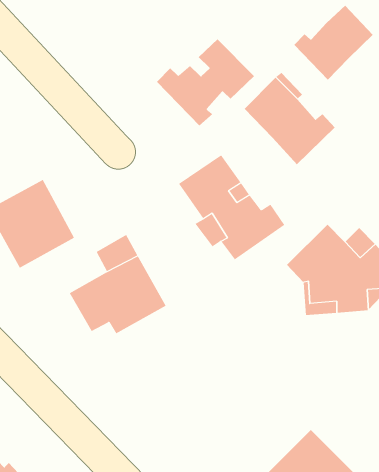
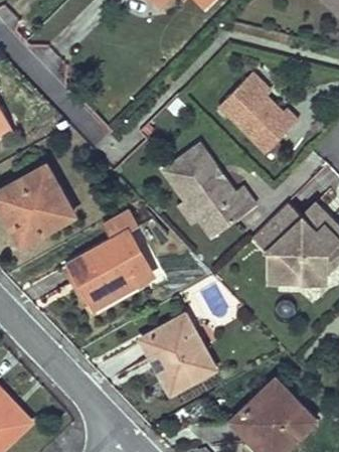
building: [293,5,373,80] -> none
building: [156,38,255,126] -> none
building: none -> [140,314,213,392]

